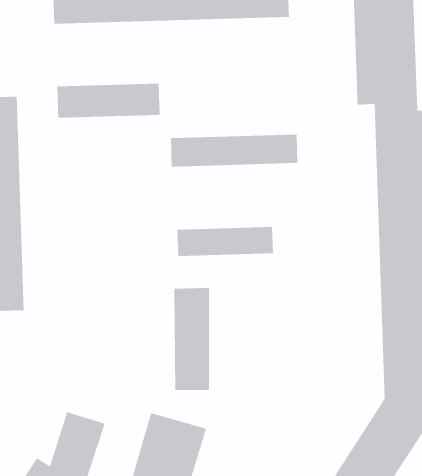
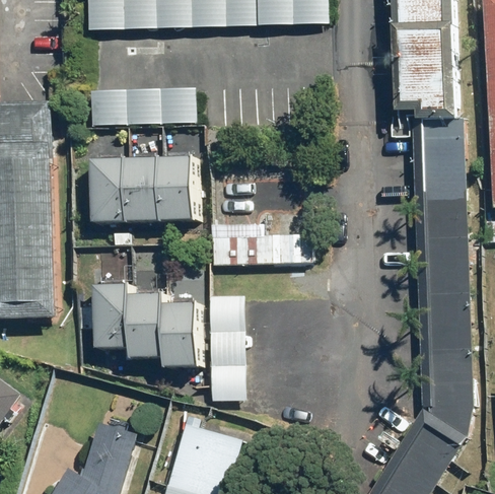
building: [170,134,298,168] -> none
building: none -> [91,158,195,224]
building: none -> [93,285,197,368]

